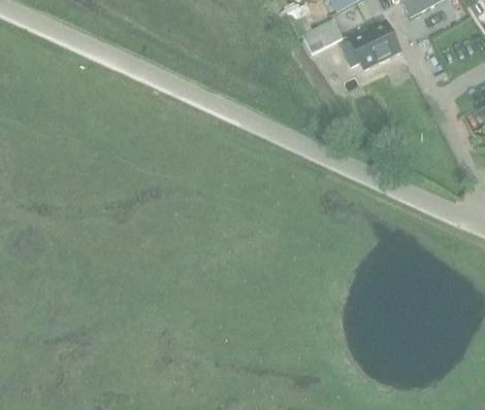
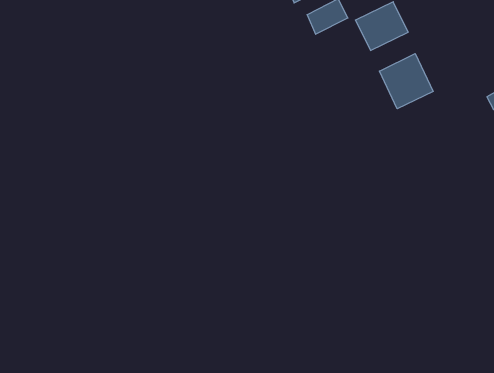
building: none -> [379,54,433,109]

